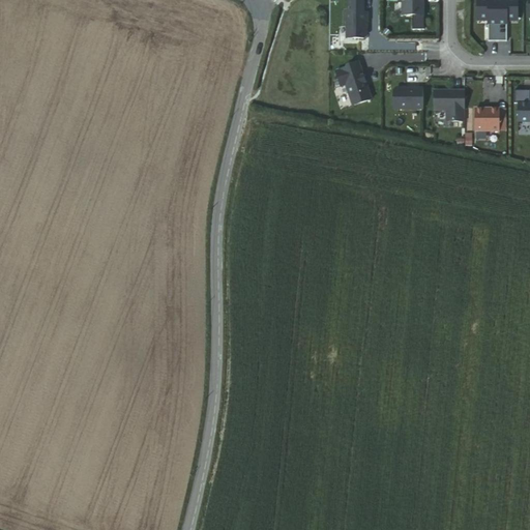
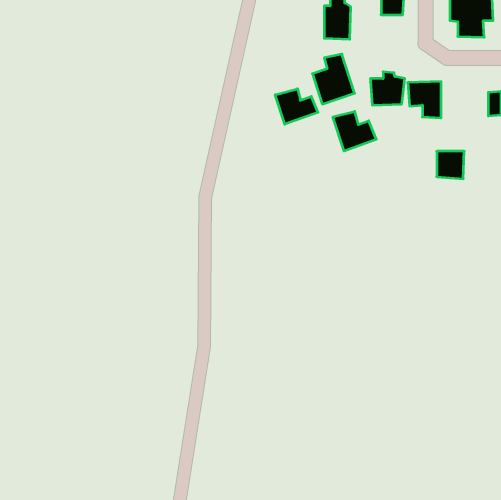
building: none -> [275,89,318,124]
building: [473,105,502,134] -> [437,151,464,179]
building: none -> [333,111,376,151]

